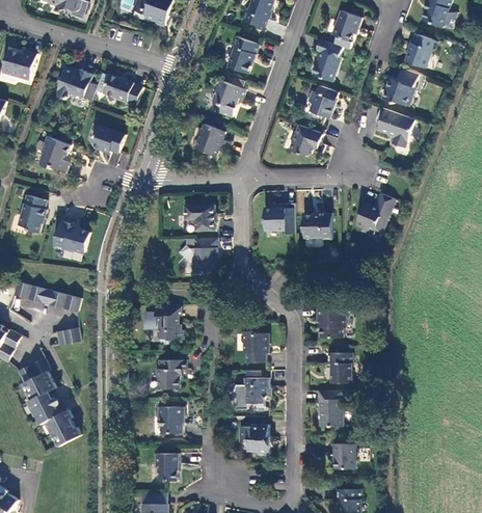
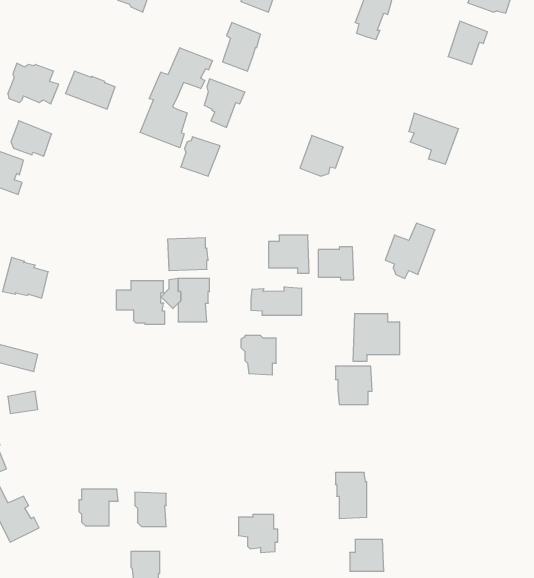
building: [312,37,342,81] -> none
building: none -> [140,48,212,148]
building: [382,68,424,104] -> none
building: [306,85,339,124] -> none
building: [92,124,125,152] -> [11,121,52,156]
building: none -> [251,287,302,315]
building: none -> [353,313,399,361]
building: [143,304,182,339] -> [116,281,165,324]
building: [240,330,268,361] -> [241,336,276,375]
building: [327,352,351,382] -> none
building: [156,359,187,388] -> [79,489,118,526]
building: [232,378,271,410] -> none

